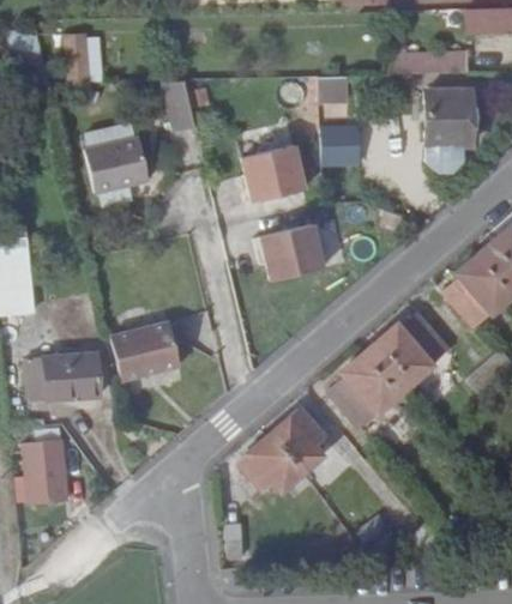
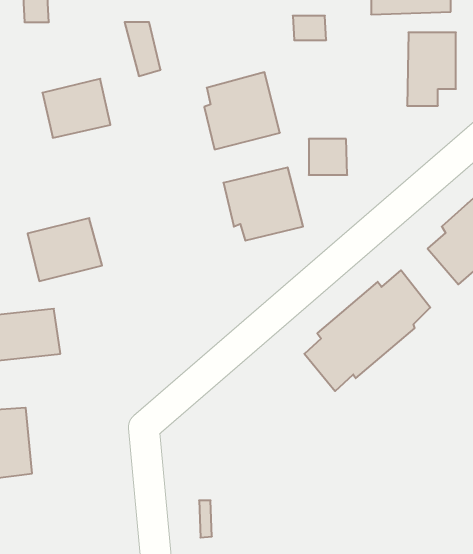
building: [326,126,362,159] -> [309,139,347,175]
building: [109,320,179,379] -> [28,218,102,281]
building: [237,410,324,491] -> none

